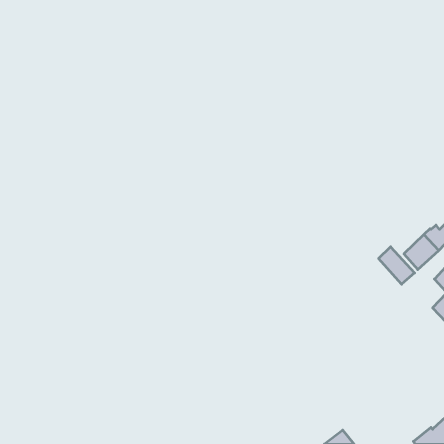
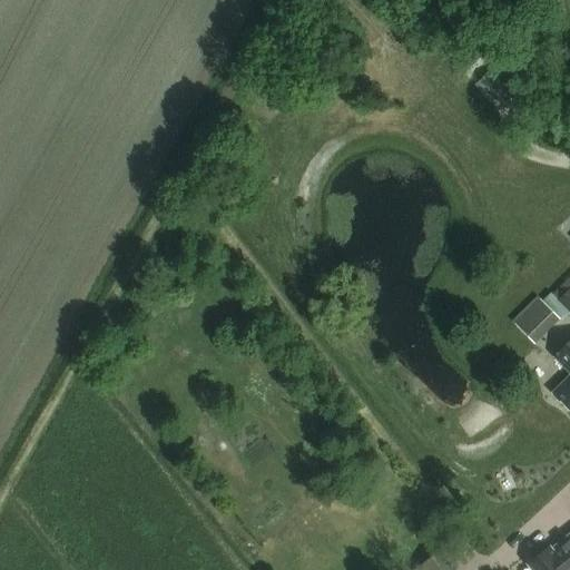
building: [379,247,415,284] -> none

